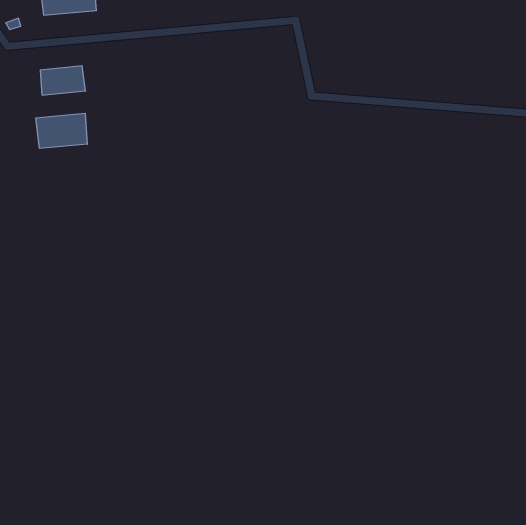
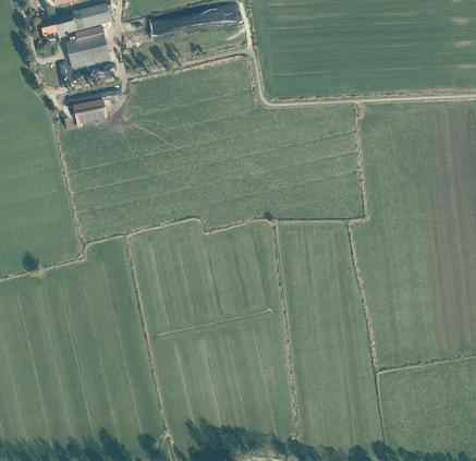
building: [36,113,87,148] -> none

